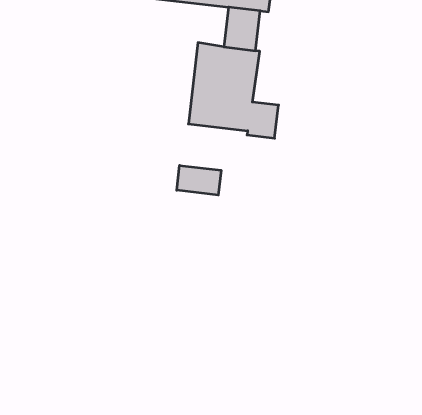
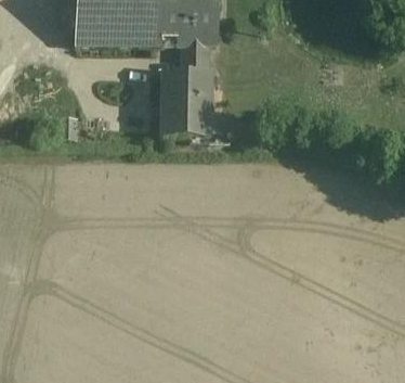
building: [177,165,221,195] -> none

